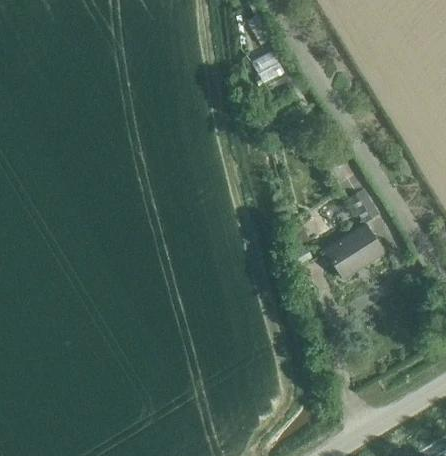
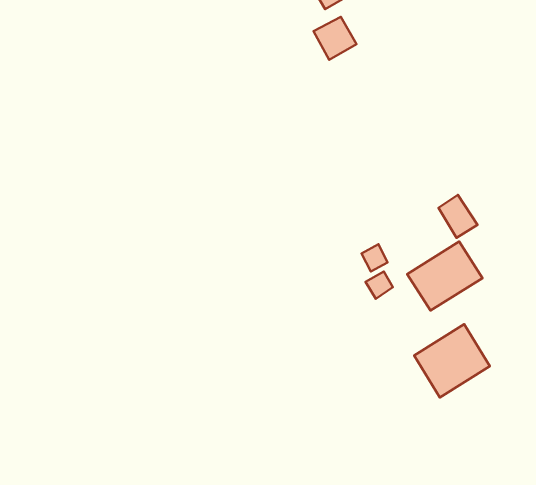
building: none -> [414,324,490,398]

